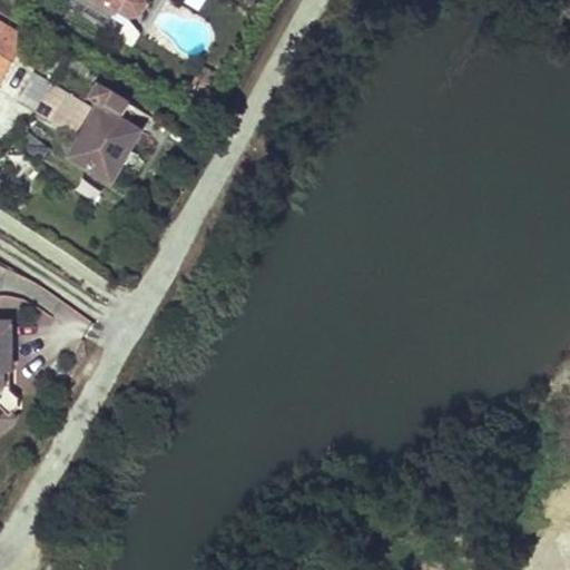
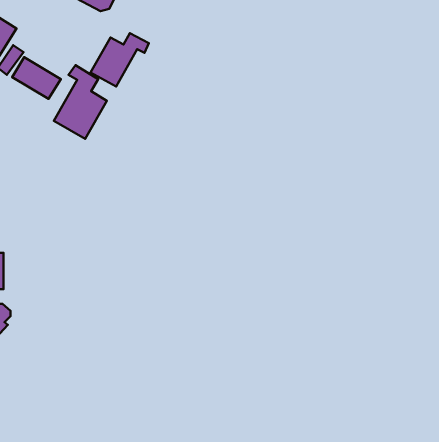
building: none -> [91,33,149,87]

